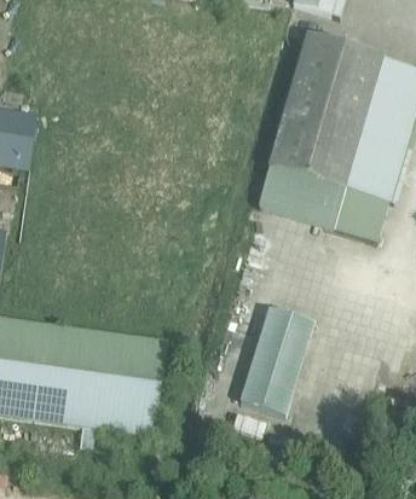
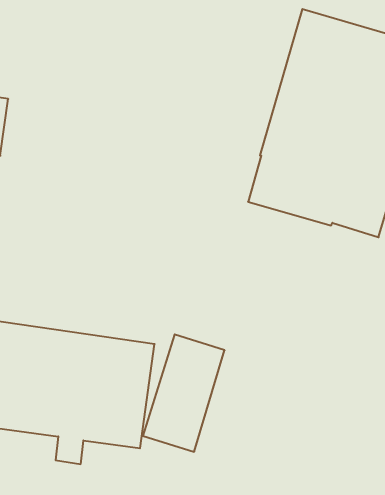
building: [238,307,313,414] -> [143,334,225,452]

